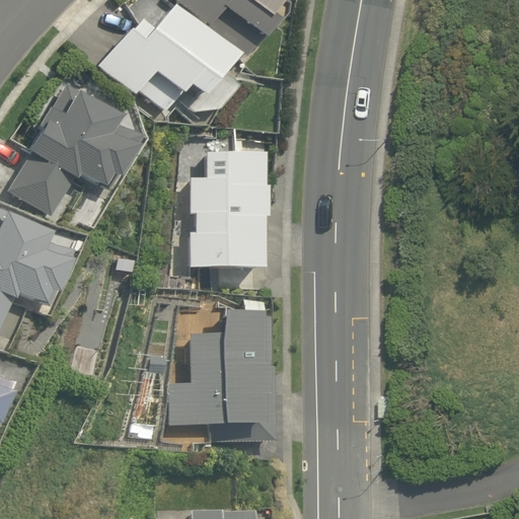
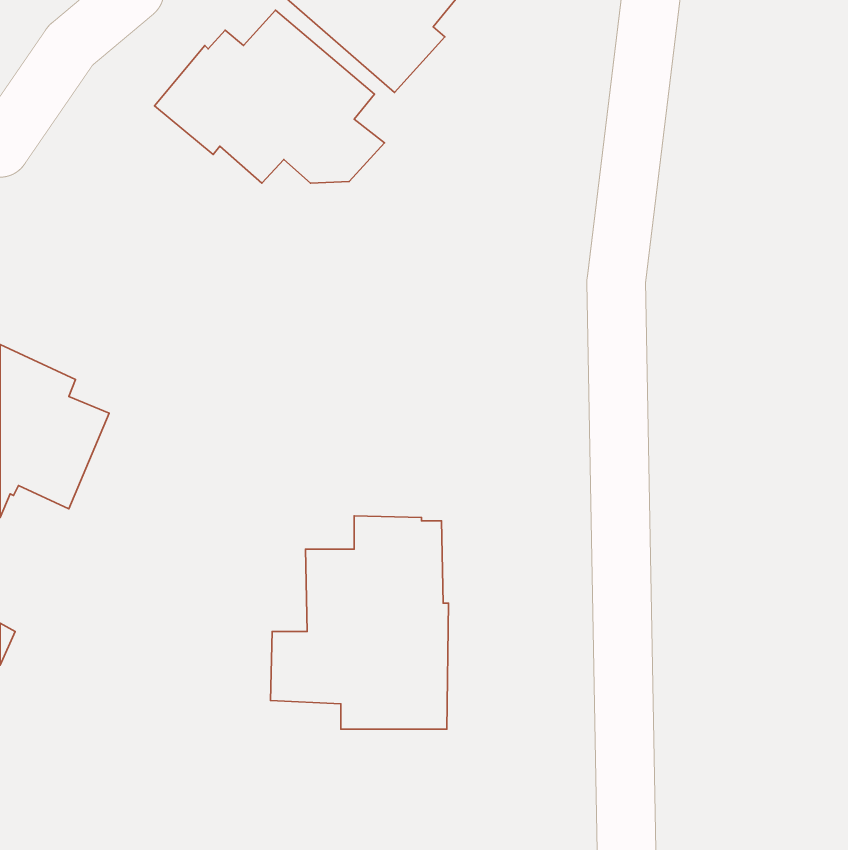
building: [10,82,140,215] -> none
building: [189,150,267,268] -> none

